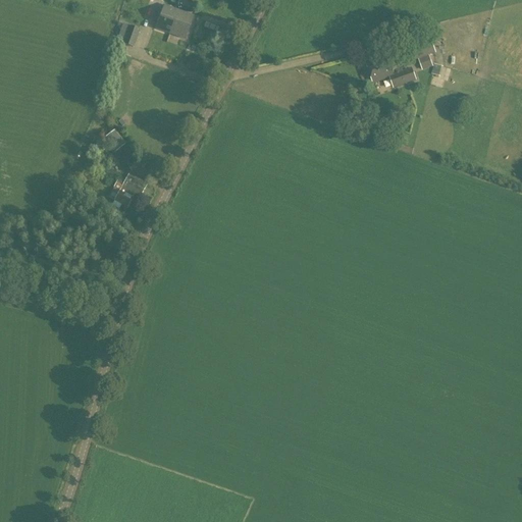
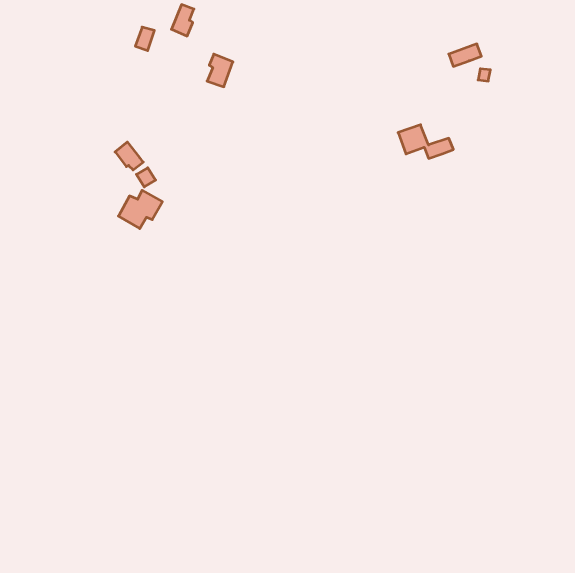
building: [170,8,194,38] -> [207,54,233,87]
building: [367,55,417,86] -> [398,125,453,158]

